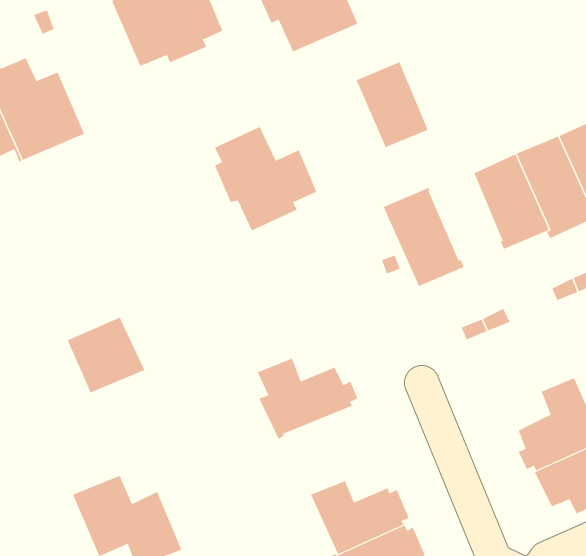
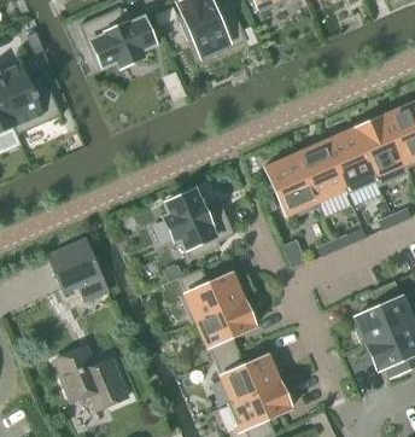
building: [355,62,428,149] -> [296,142,345,202]
building: [214,126,317,231] -> [164,190,234,261]
building: none -> [197,299,255,361]

